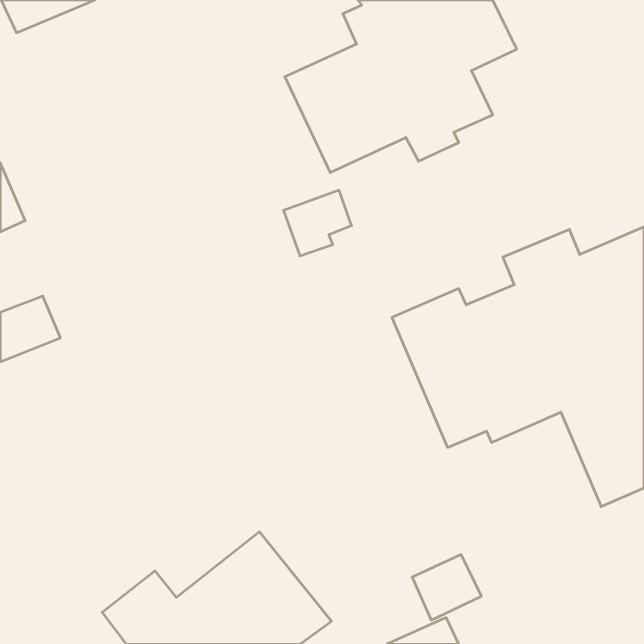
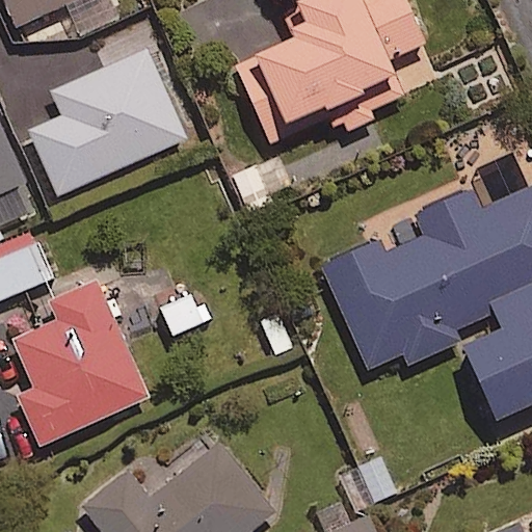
building: none -> [31,49,186,193]
building: none -> [14,280,148,444]

